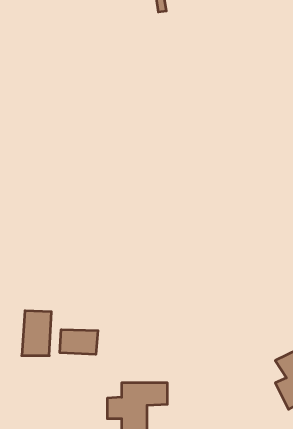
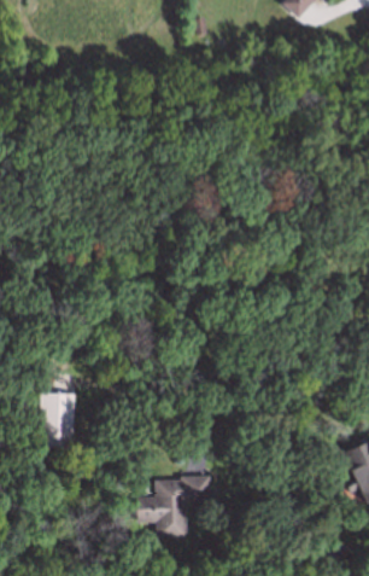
building: [60,330,98,354] -> none

